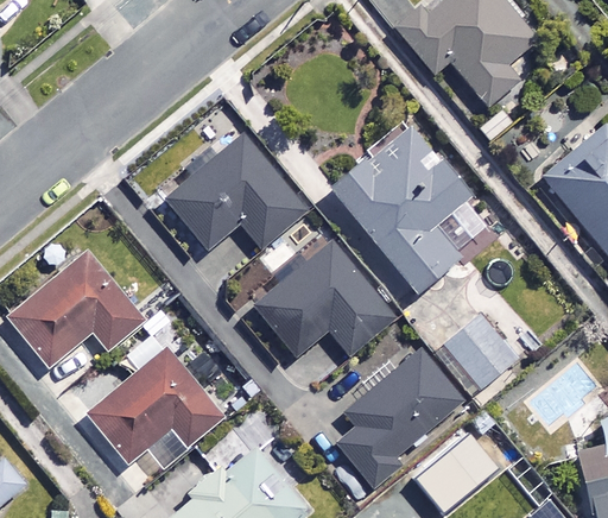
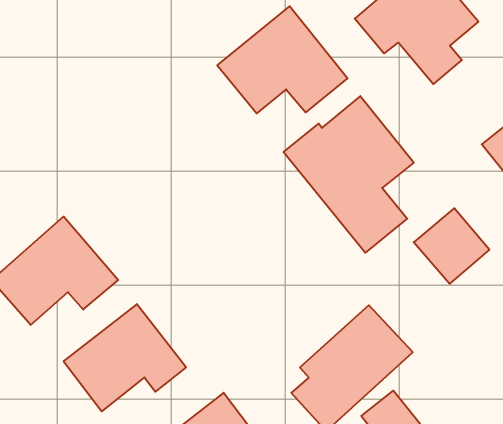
building: [165,132,306,248] -> [217,6,348,113]
building: [254,242,397,358] -> none
building: [438,314,520,396] -> [414,208,489,284]

